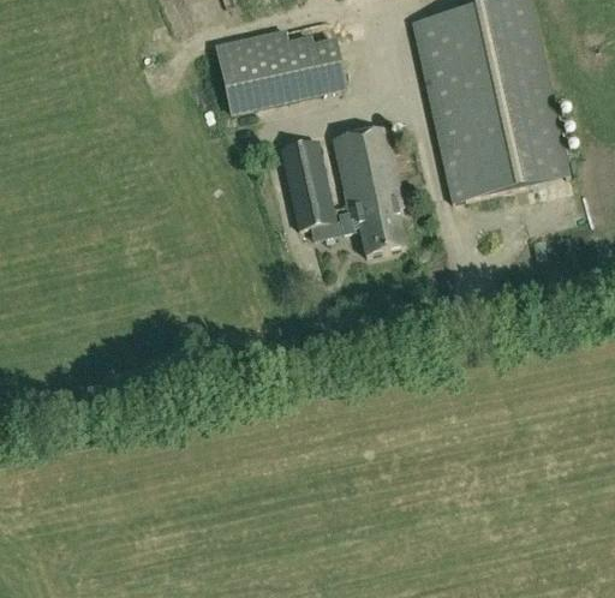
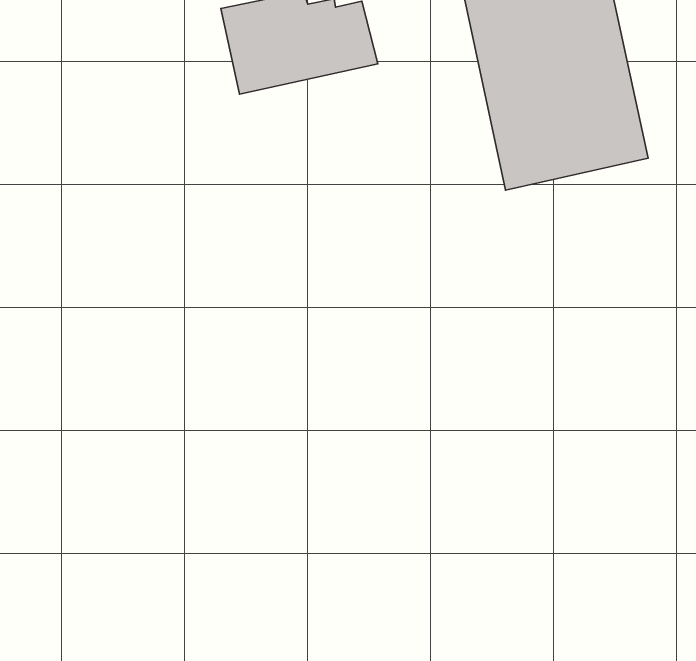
building: [333,125,407,255] -> none
building: [282,139,336,228] -> none

